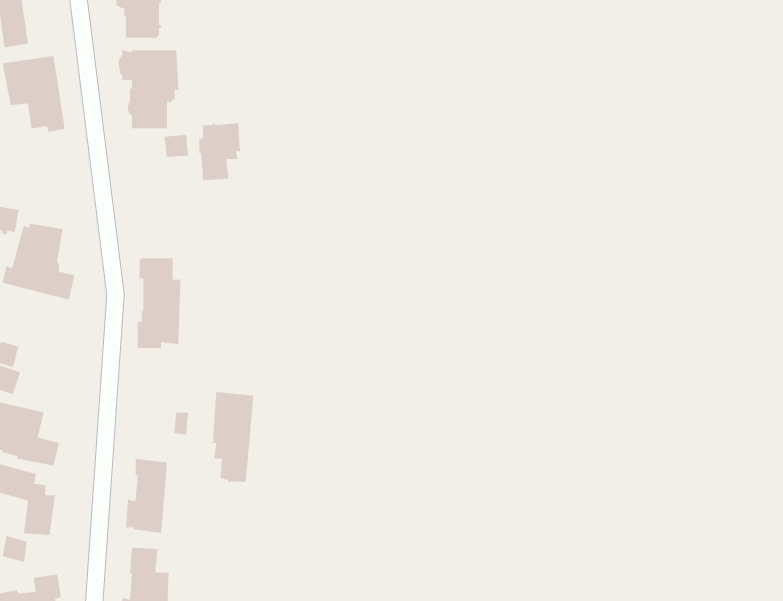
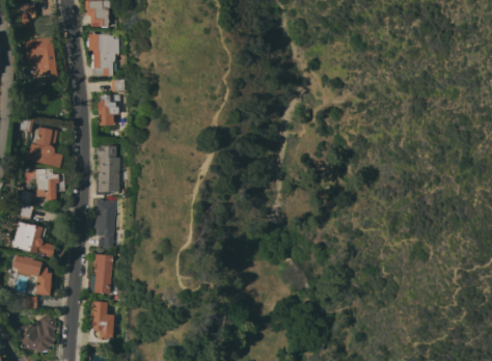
building: [198,123,241,181] -> [98,94,120,126]
building: none -> [30,168,64,200]
building: [212,392,254,482] -> [94,199,117,248]

